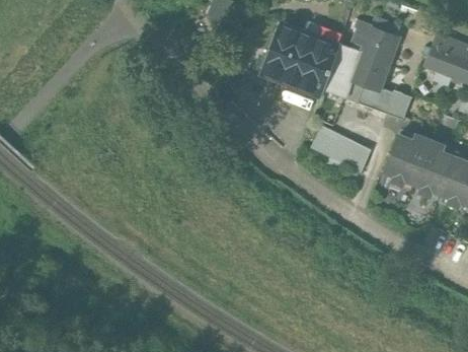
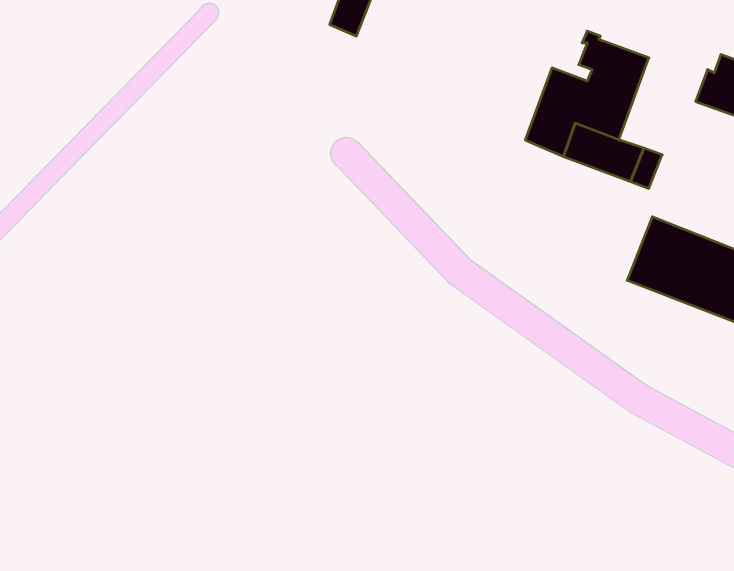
building: [263,24,339,95] -> none
building: [311,126,370,166] -> none

